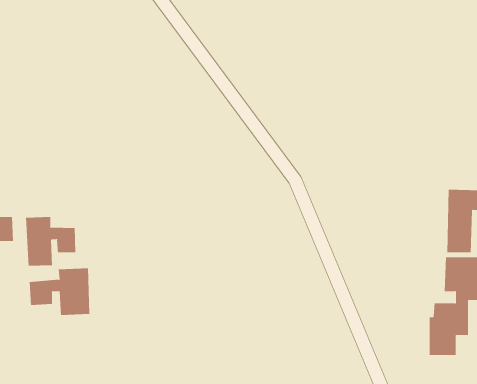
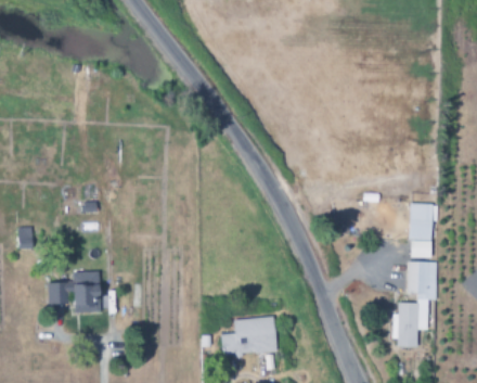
building: [26,216,76,267] -> none
building: none -> [221,317,276,356]

